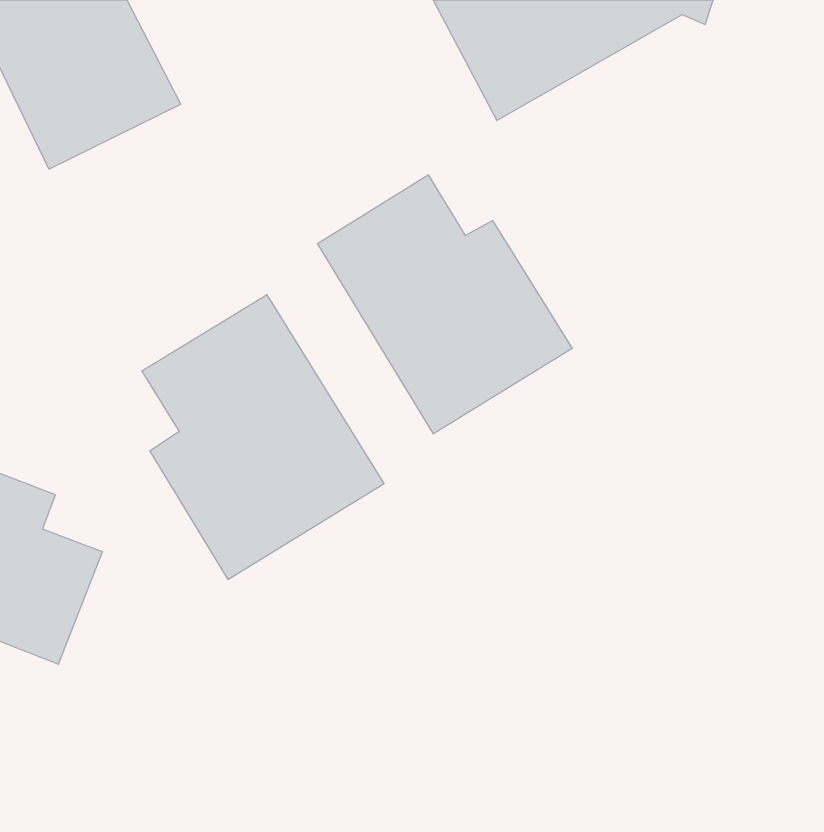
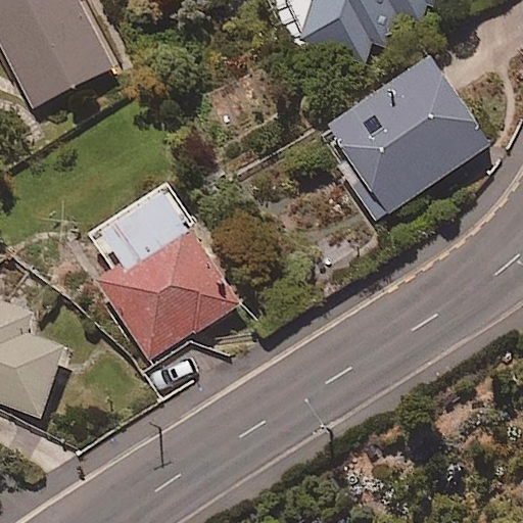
building: none -> [328,53,493,220]
building: [317,175,572,434] -> none

